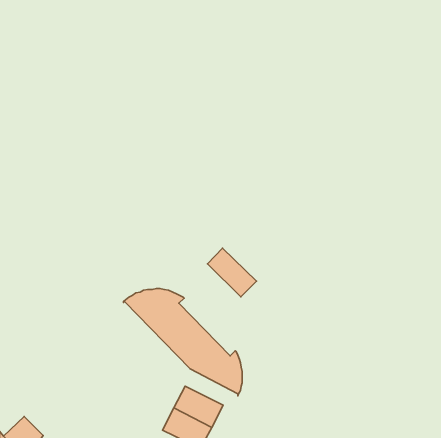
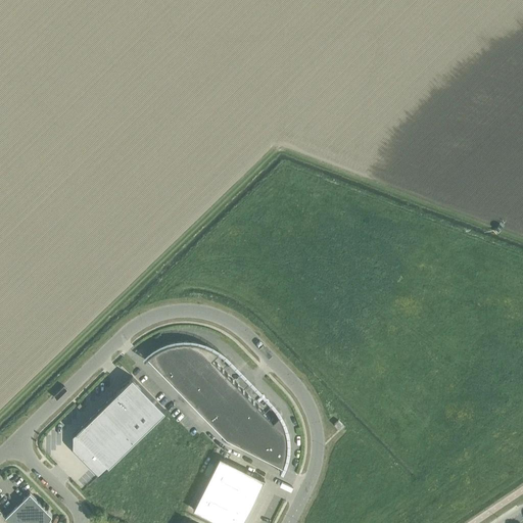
building: [208,248,257,297] -> none
building: none -> [72,381,164,479]

